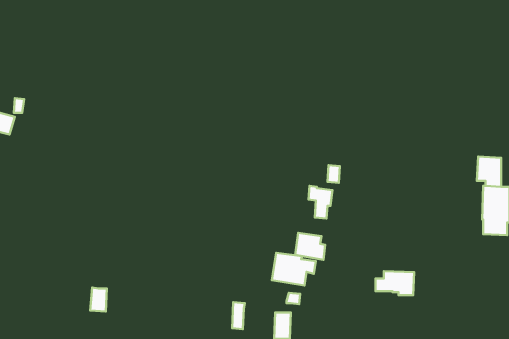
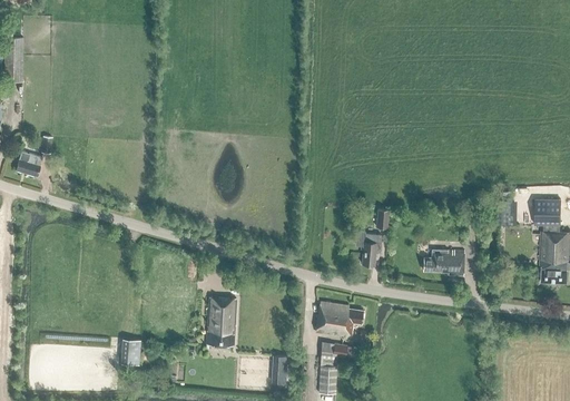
building: [295,233,325,260] -> none
building: none -> [206,295,236,344]
building: [376,271,414,295] -> [423,248,464,274]

